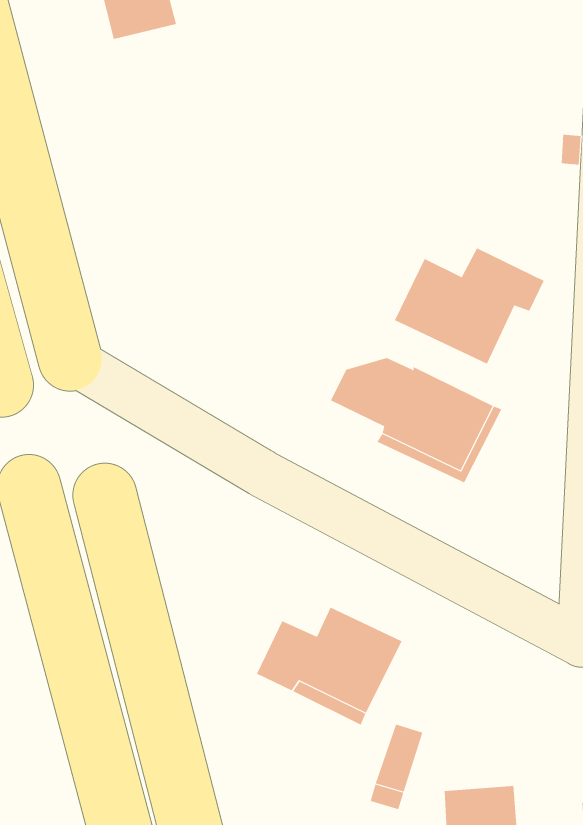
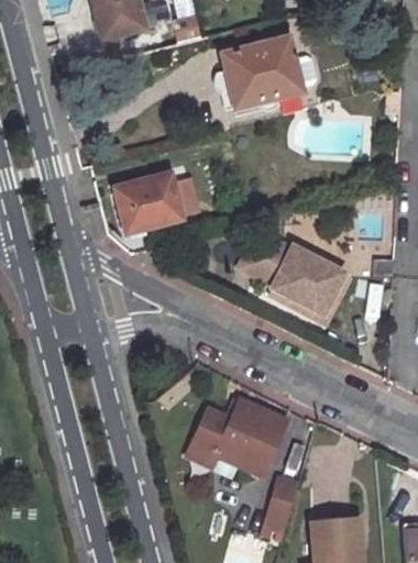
building: none -> [220,38,298,107]
building: [394,248,545,364] -> none
building: none -> [112,172,183,234]

